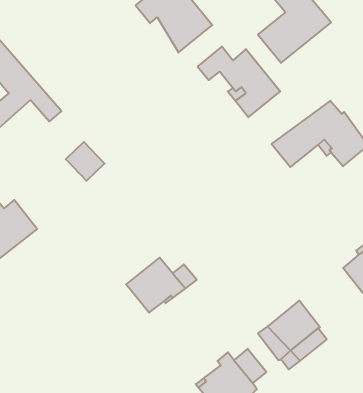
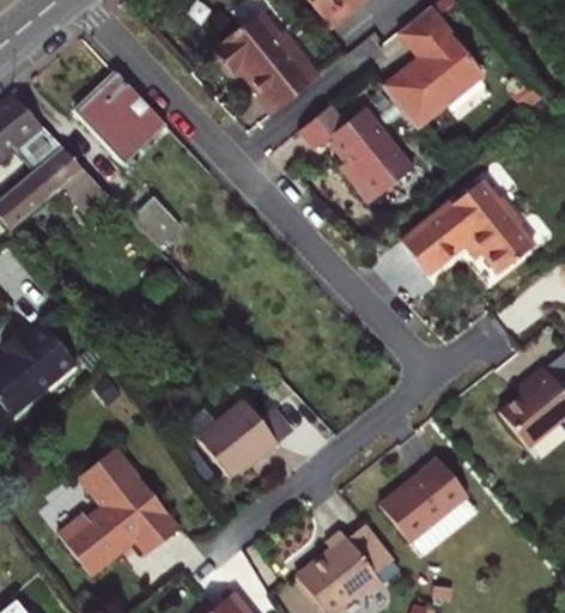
building: none -> [75,72,166,163]
building: [66,142,105,181] -> [129,192,183,245]
building: none -> [60,445,181,573]

